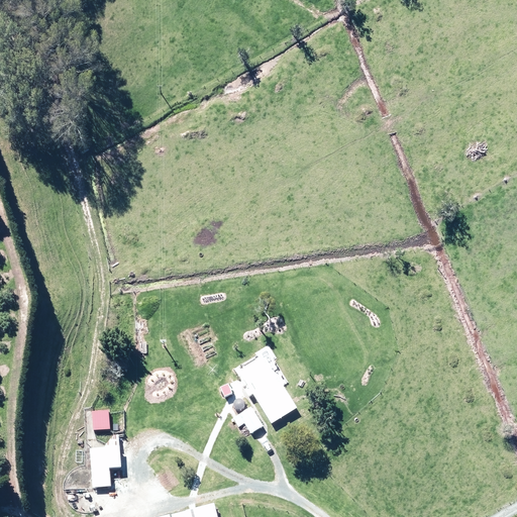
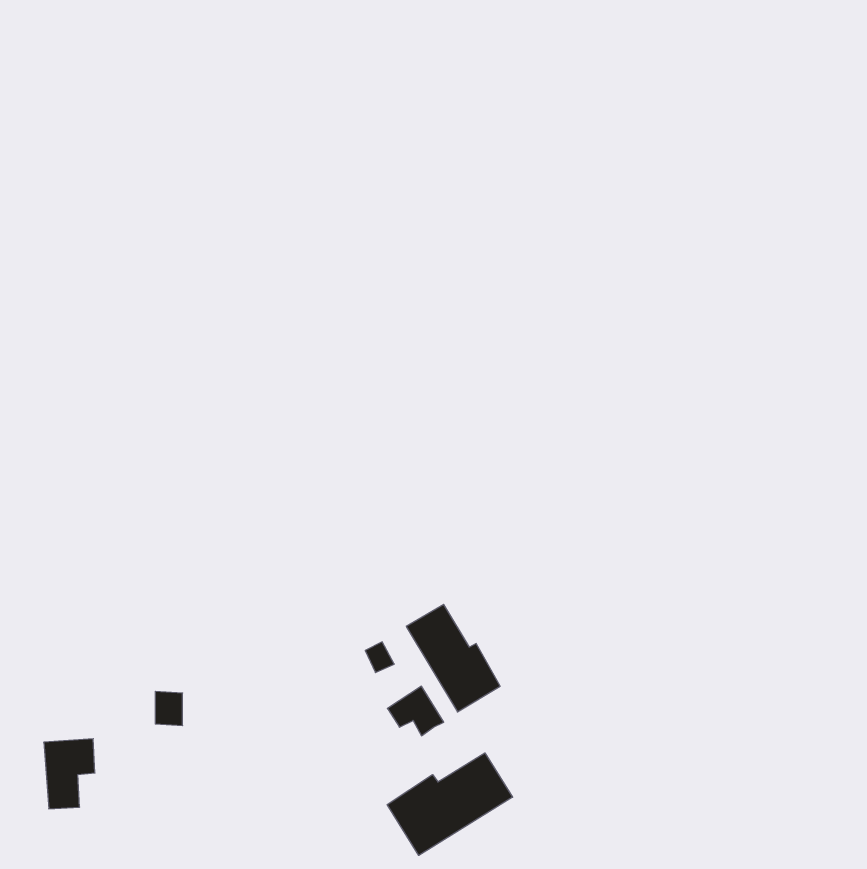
building: [90,444,120,486] -> [44,739,95,809]
building: none -> [387,753,513,855]

